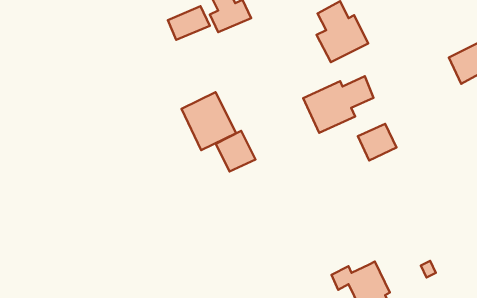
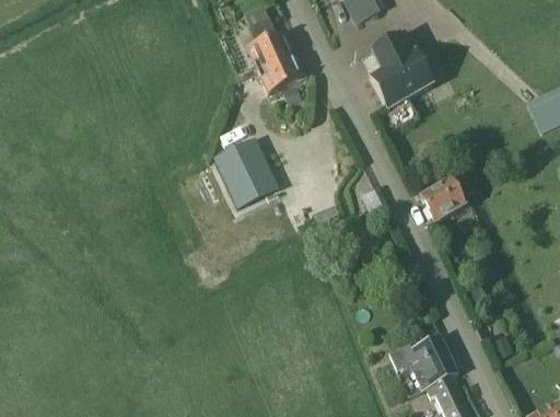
building: [168,6,210,40] -> [257,53,306,92]
building: [303,76,373,133] -> none
building: [216,131,255,172] -> none

